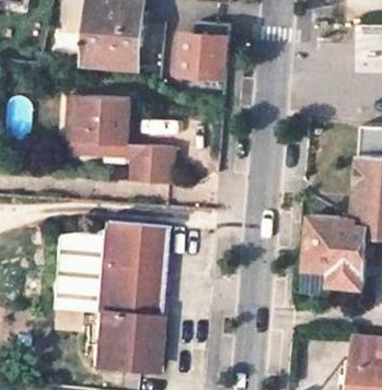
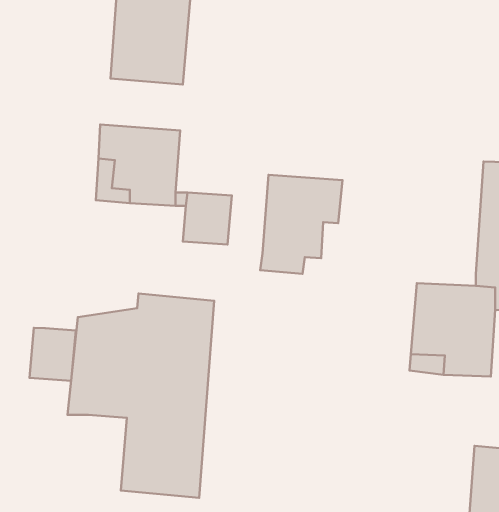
building: [184,23,233,78] -> none
building: none -> [260,175,342,274]
building: none -> [29,328,76,381]

